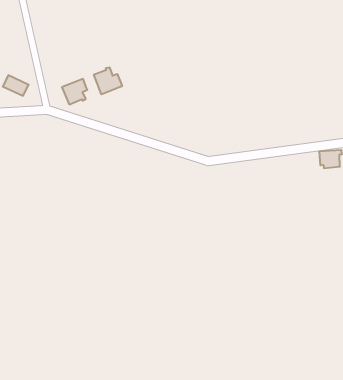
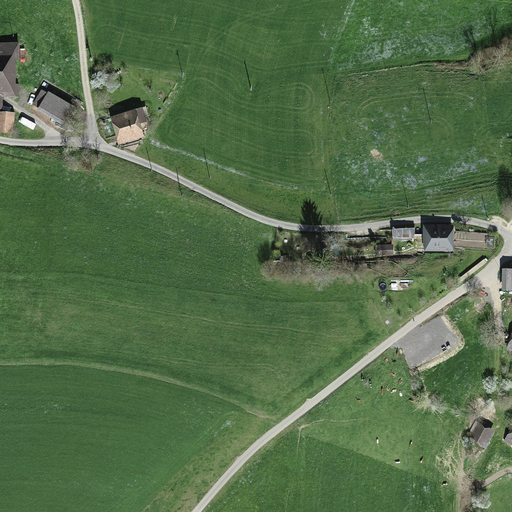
building: [94,67,122,94] -> none

